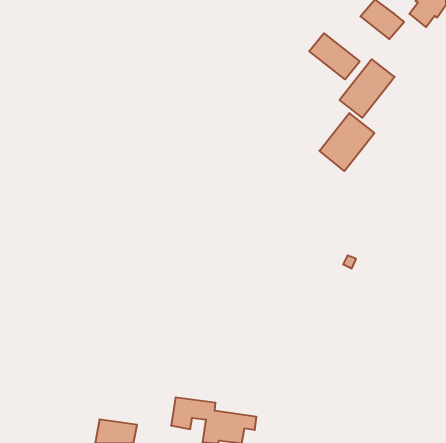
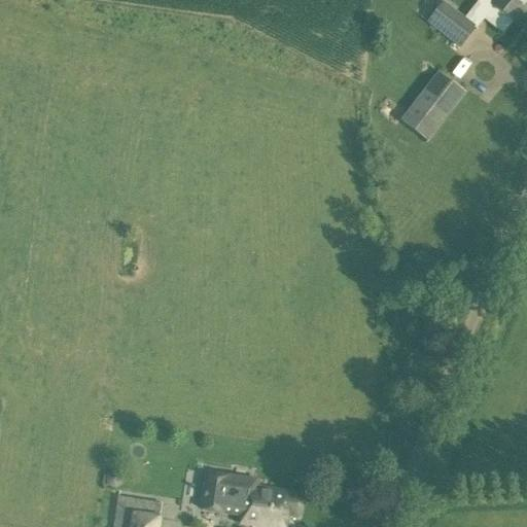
building: [309,33,360,79] -> none
building: [319,113,374,171] -> none

